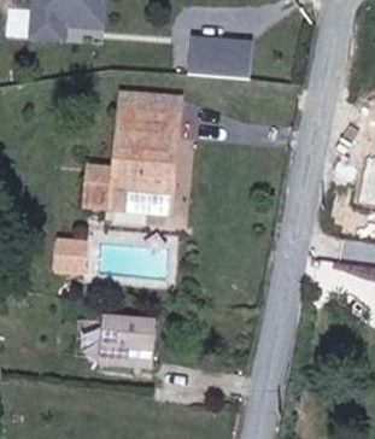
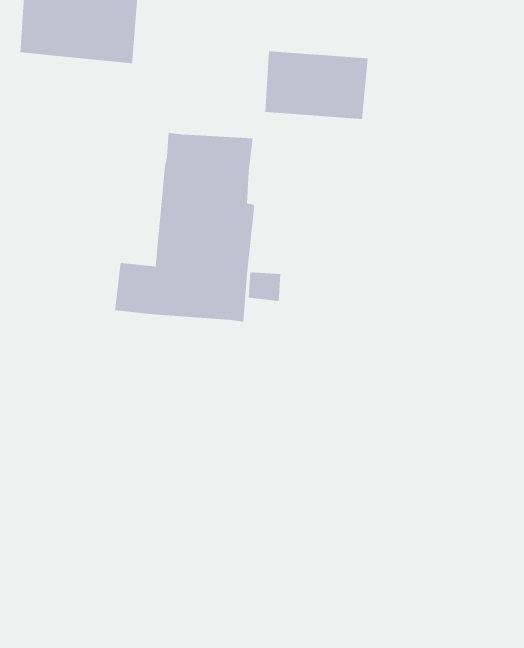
building: [54,236,89,274] -> none
building: [102,318,158,370] -> none

